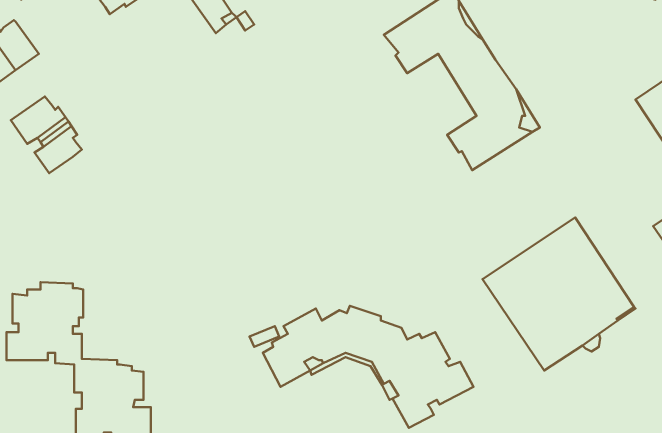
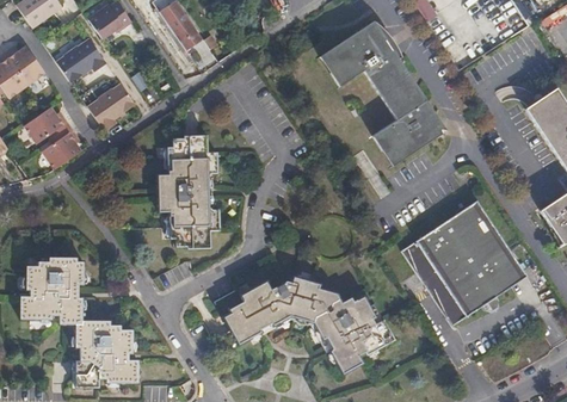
building: none -> [54,37,106,82]
building: none -> [86,82,135,131]
building: none -> [160,134,222,246]

